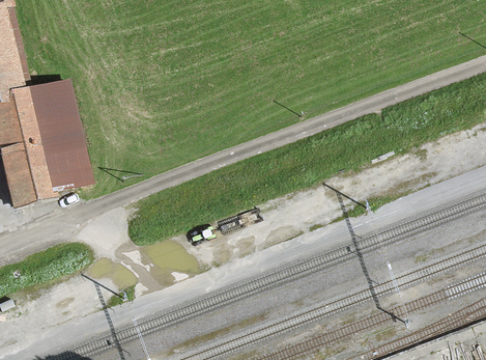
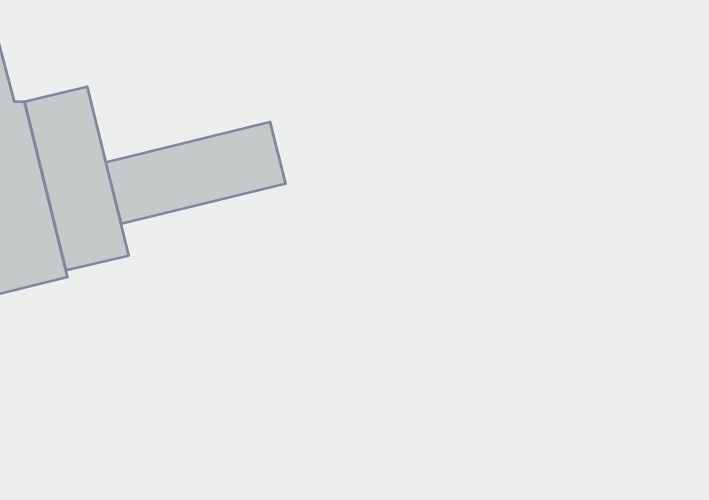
building: none -> [106,122,286,224]

